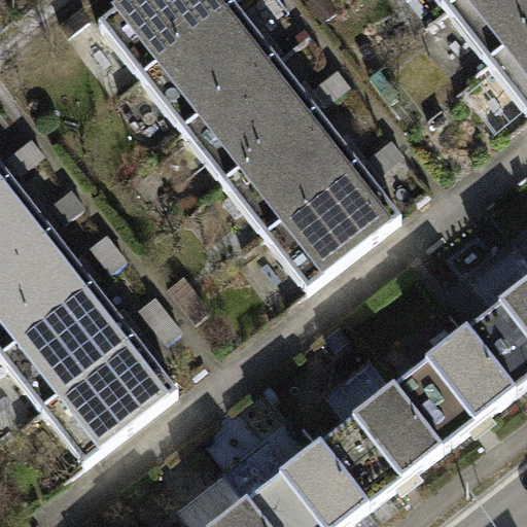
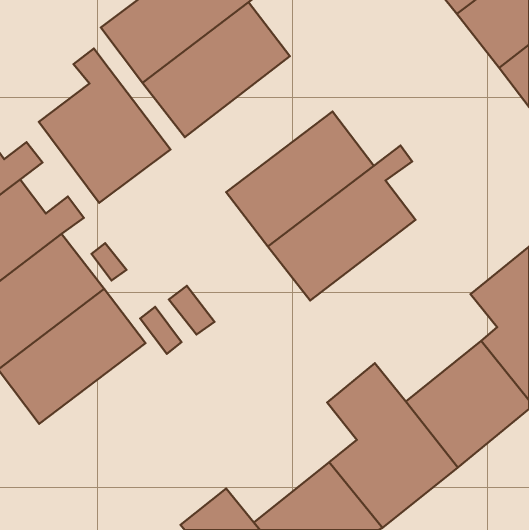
building: none -> [39,49,171,203]
building: [179,55,348,186] -> none
building: [38,332,181,463] -> none

